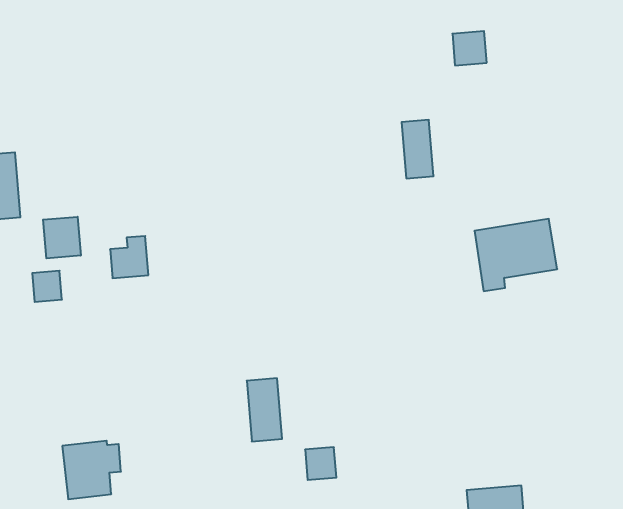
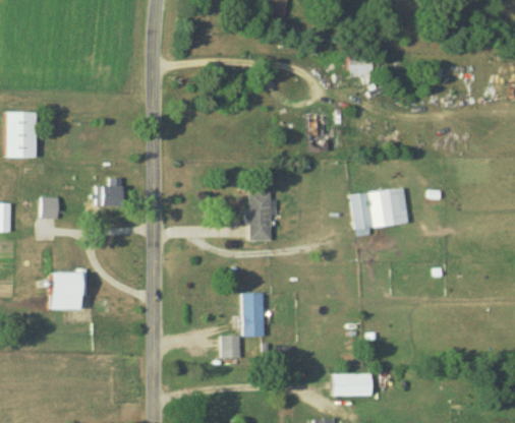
building: [43,217,81,258] -> none
building: none -> [248,192,276,240]
building: [247,378,282,441] -> [243,294,265,337]
building: [62,441,121,499] -> [46,271,85,310]

